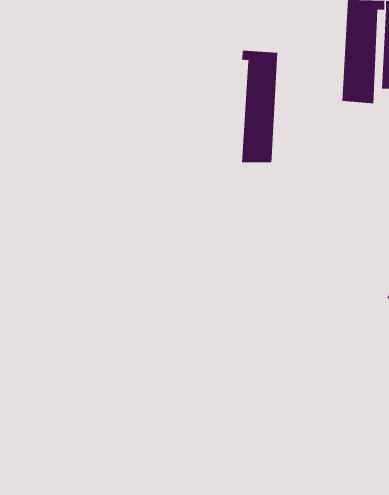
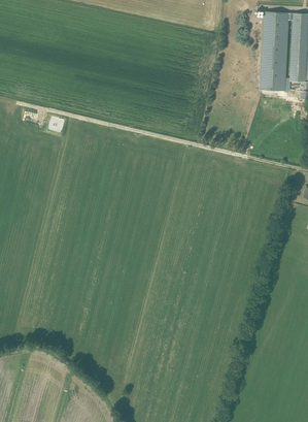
building: [242,50,278,163] -> none

